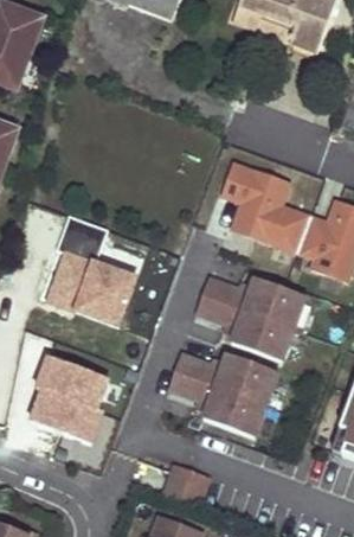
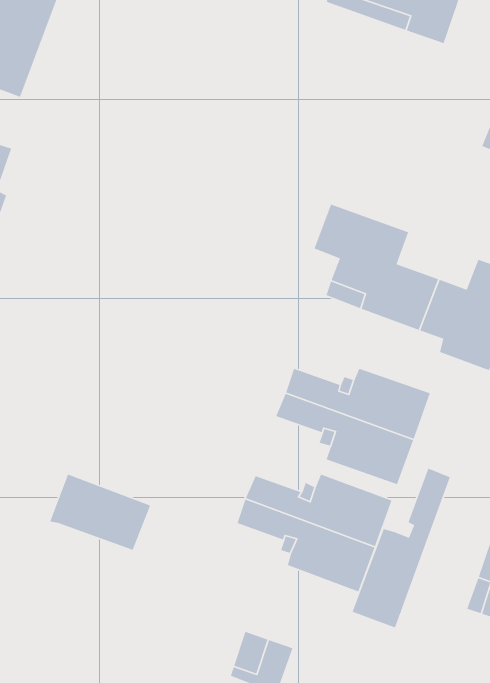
building: [50,215,137,325] -> none
building: none -> [351,467,451,628]
building: [30,389,102,446] -> none

